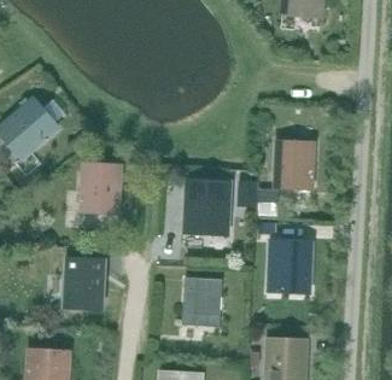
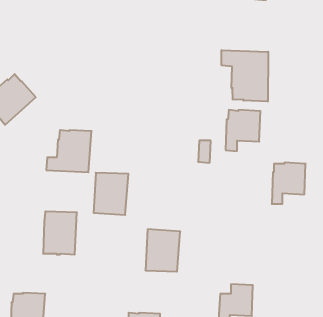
building: none -> [222,50,268,102]
building: [187,182,227,230] -> [94,173,128,215]
building: [270,242,309,290] -> [272,163,306,204]

